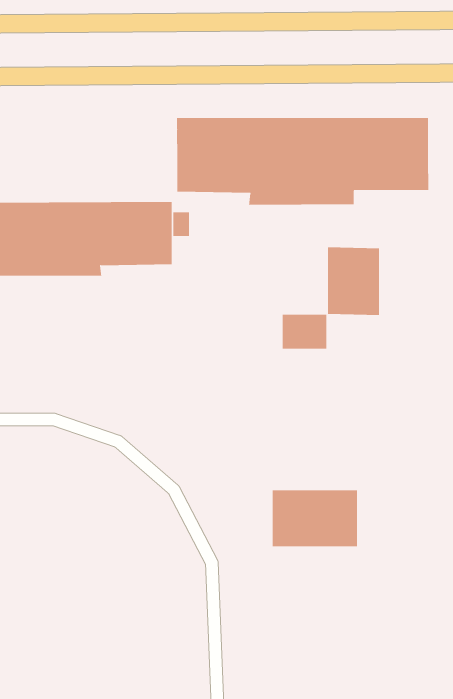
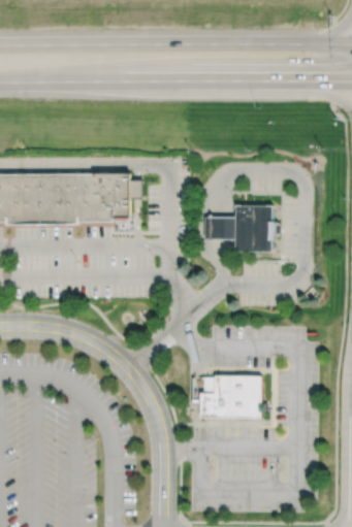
building: [177,117,429,206] -> none
building: [282,314,327,349] -> [205,217,237,241]

